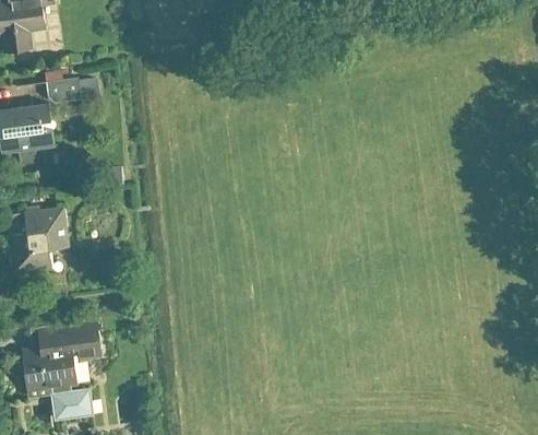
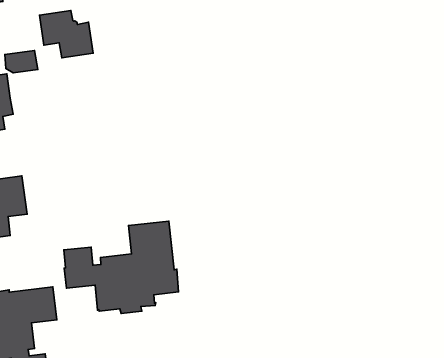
building: none -> [39,11,93,58]
building: none -> [64,221,179,313]

